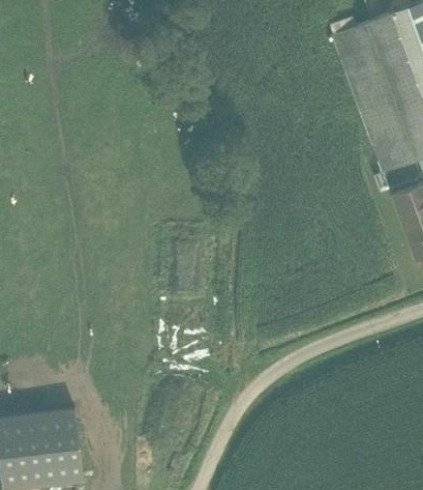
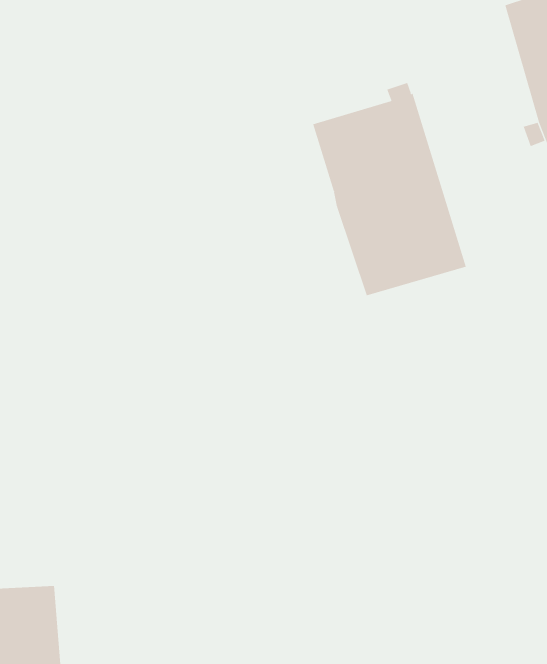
building: none -> [312,82,466,296]

